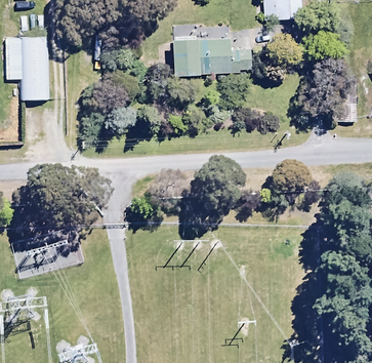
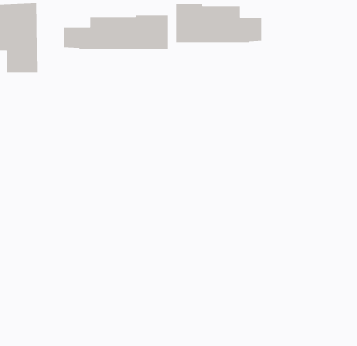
building: none -> [63,15,168,50]

